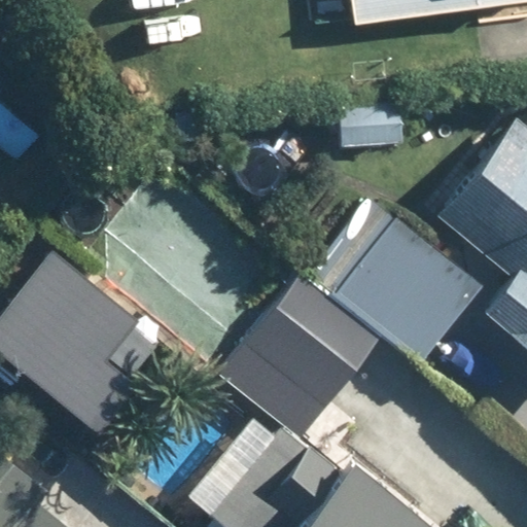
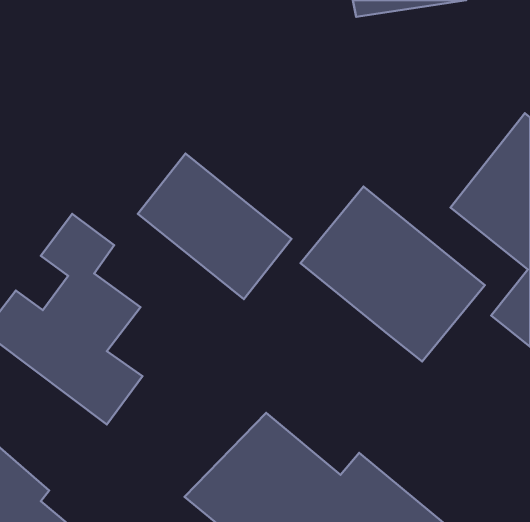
building: none -> [138,154,292,299]
building: [216,272,383,441] -> none

